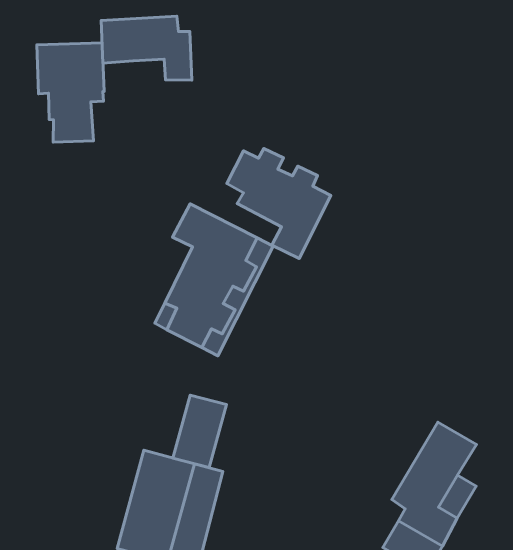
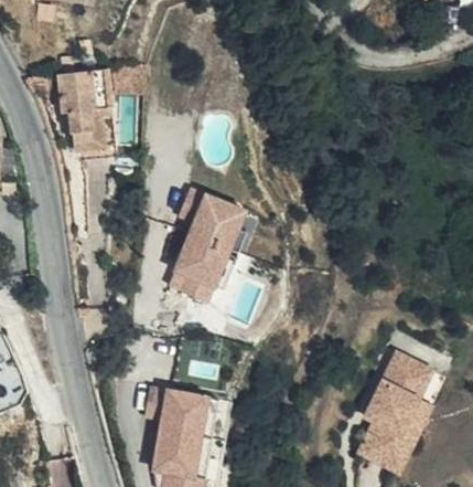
building: [101,16,192,80] -> none
building: [227,148,331,258] -> none
building: [173,395,226,467] -> none

